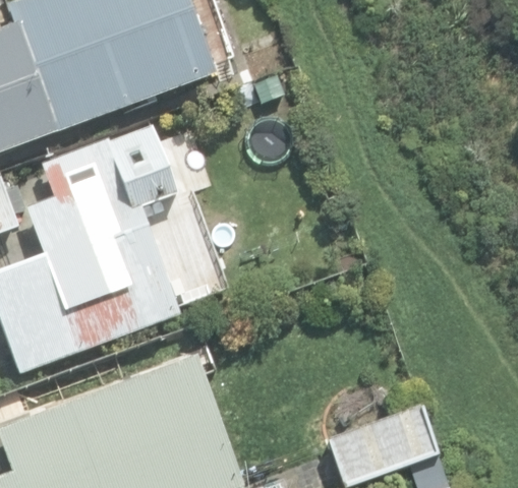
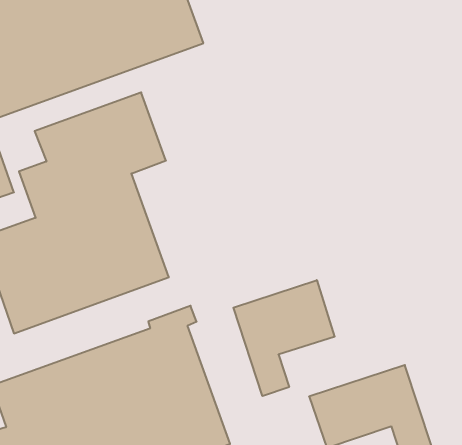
building: none -> [233,280,335,396]

